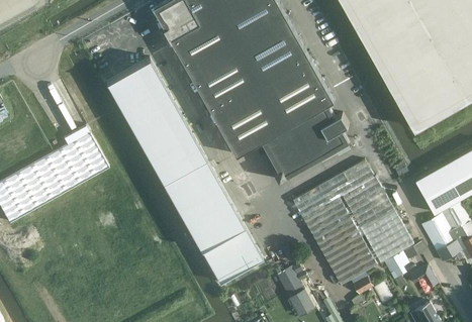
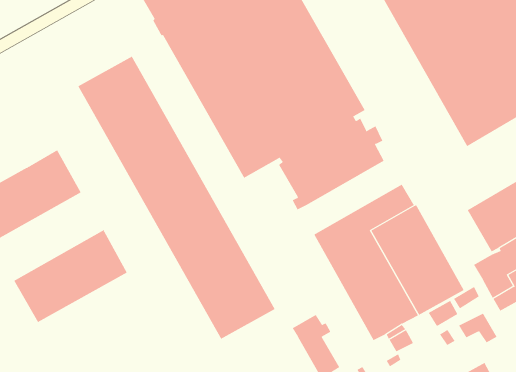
building: none -> [14,229,128,323]

